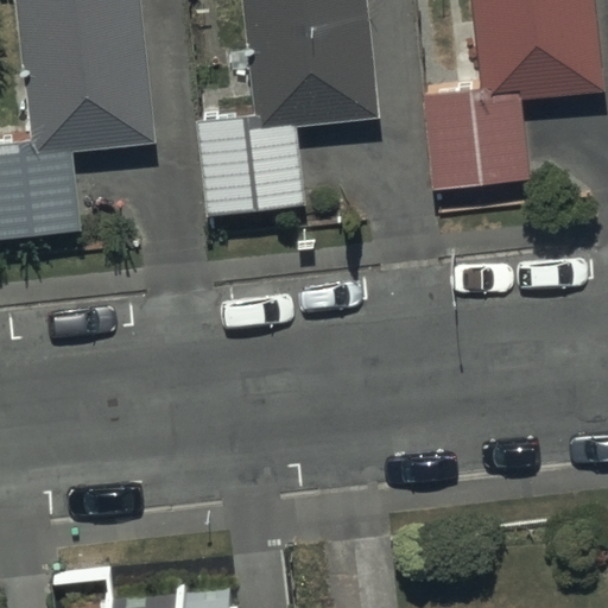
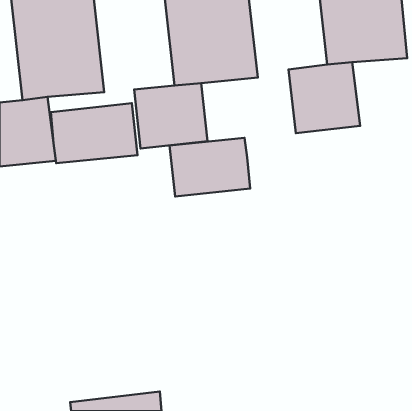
building: none -> [51,103,138,163]
building: none -> [170,138,250,197]

